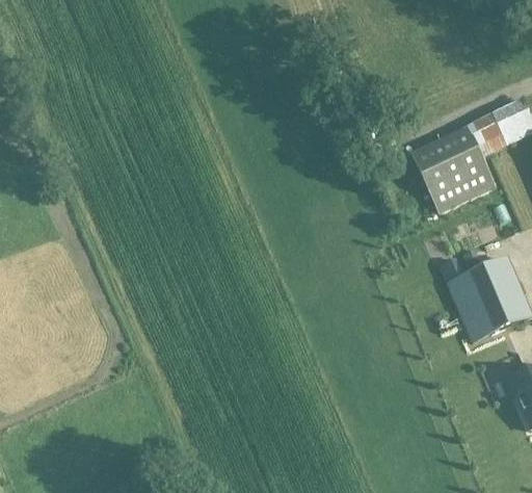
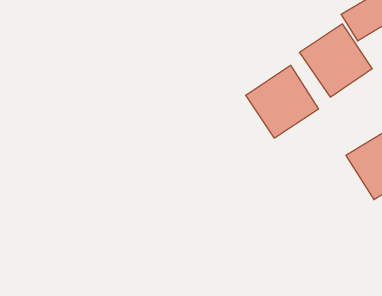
building: none -> [246,65,319,138]

